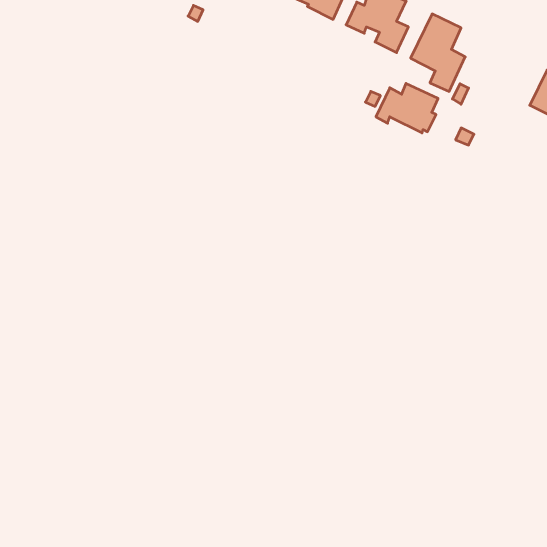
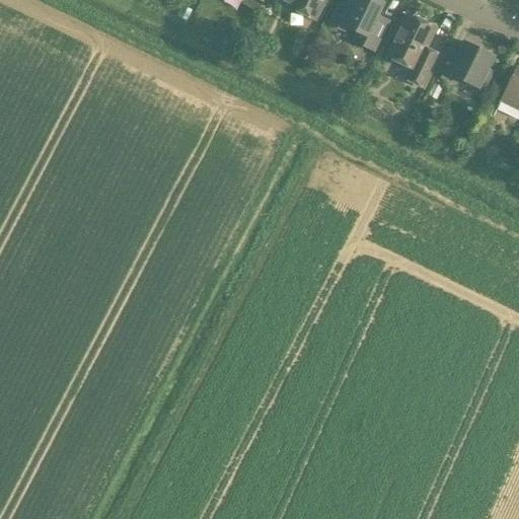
building: [376,83,438,133] -> [437,41,496,87]

